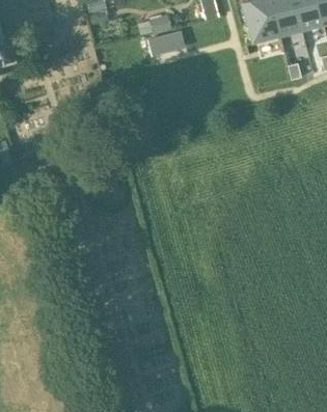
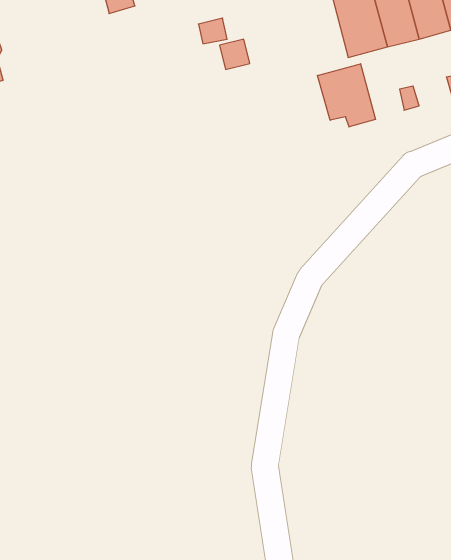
building: none -> [317,64,376,127]

